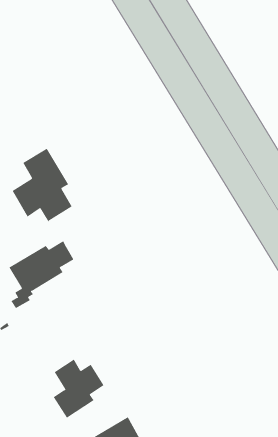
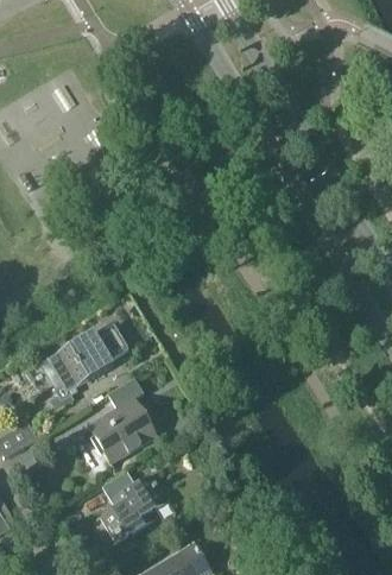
building: [12,148,75,226] -> none
building: none -> [90,377,156,456]

